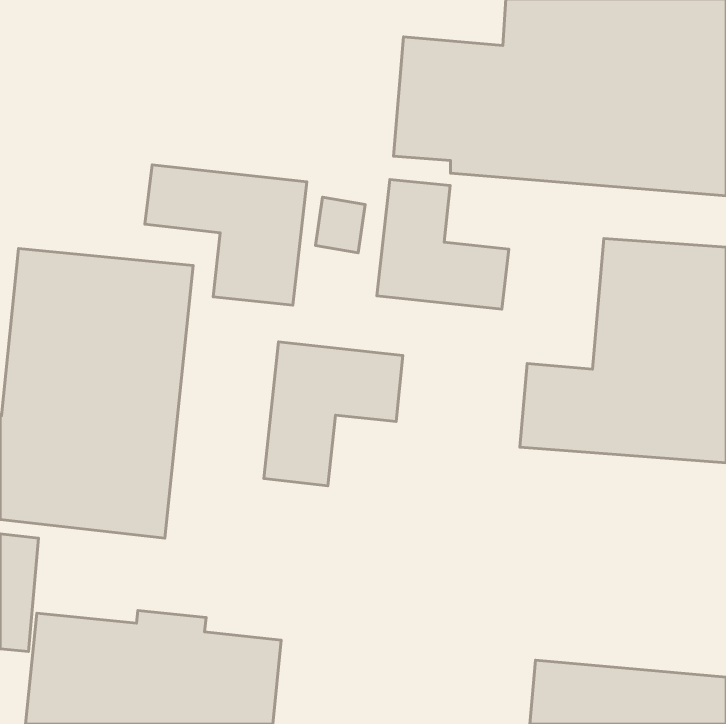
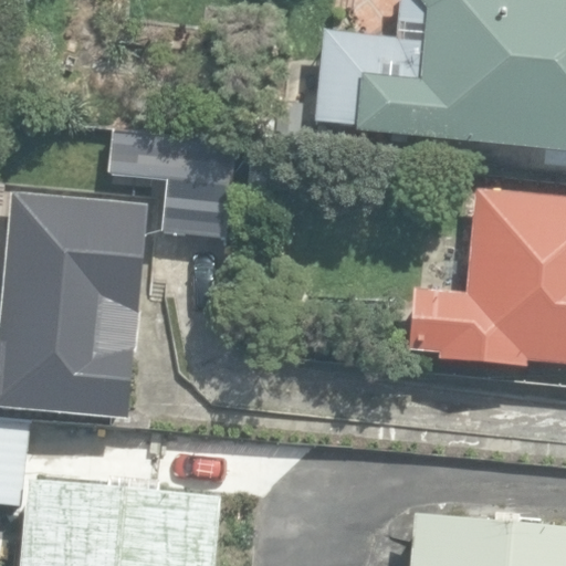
building: [377,179,509,309] -> none
building: [264,342,403,486] -> none

